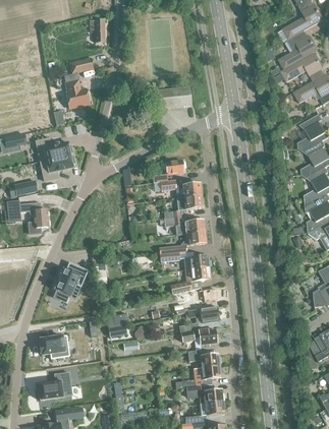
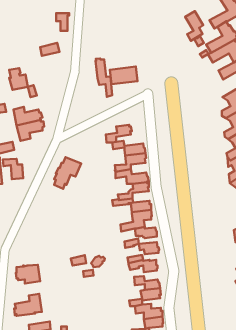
building: none -> [185,11,203,41]
building: none -> [95,59,112,97]
building: [65,80,89,108] -> [9,68,28,90]
building: [54,262,88,302] -> [54,157,81,189]

